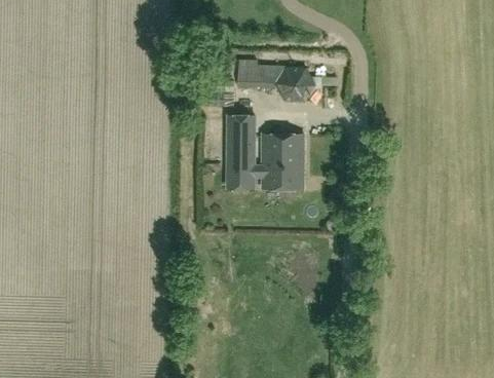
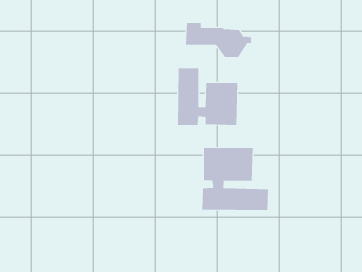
building: none -> [202,147,269,211]

